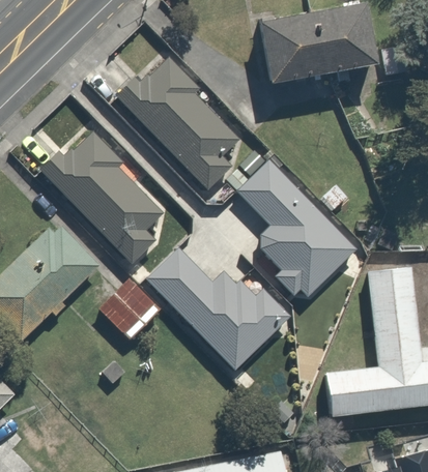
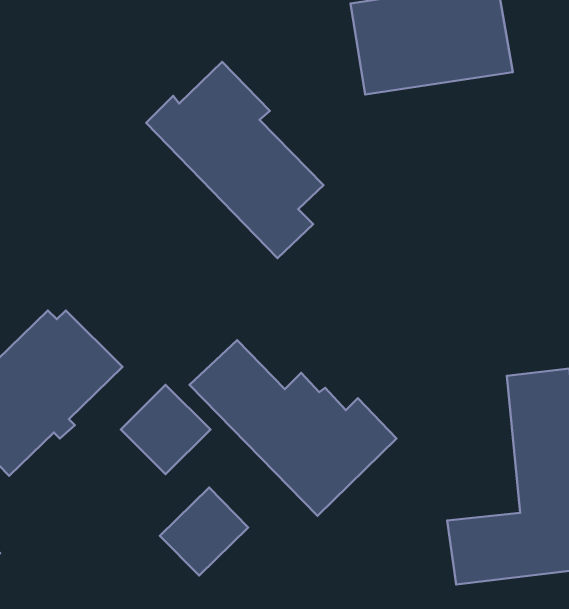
building: [41,132,164,263] -> none
building: [236,159,360,300] -> none
building: none -> [160,488,248,576]

